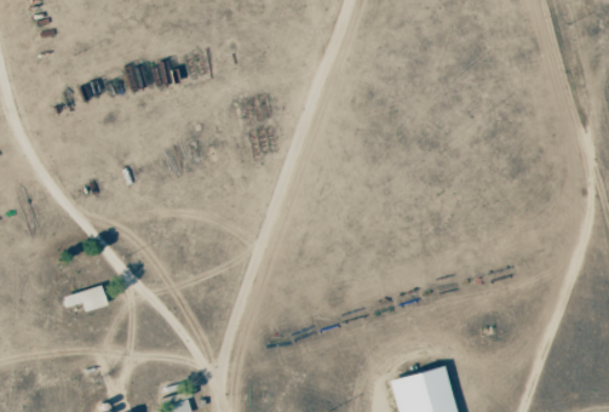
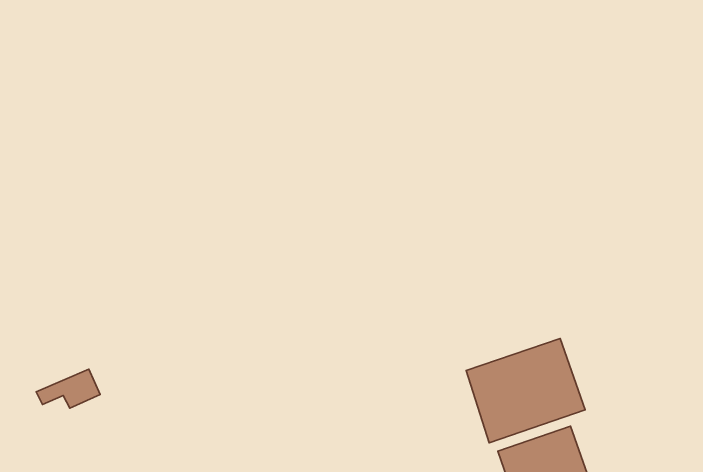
building: none -> [466,338,585,443]

